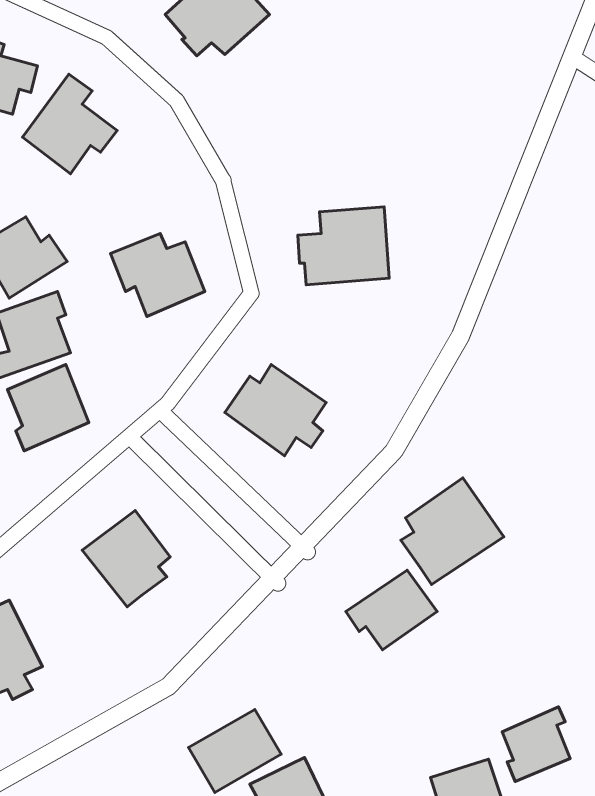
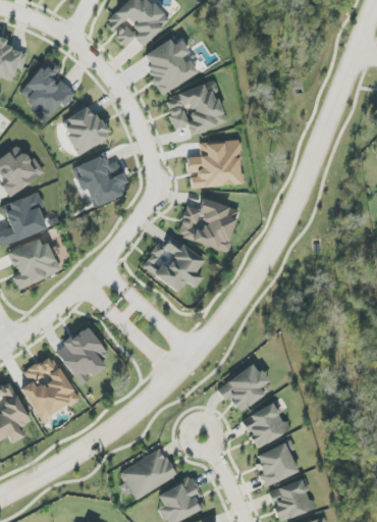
building: none -> [142,39,197,93]
building: none -> [165,81,227,134]
building: none -> [61,104,110,154]
building: none -> [178,198,241,251]
building: [401,478,504,585] -> none
building: none -> [21,354,78,421]
building: none -> [243,402,289,447]
building: [502,707,570,782] -> [257,439,299,485]

